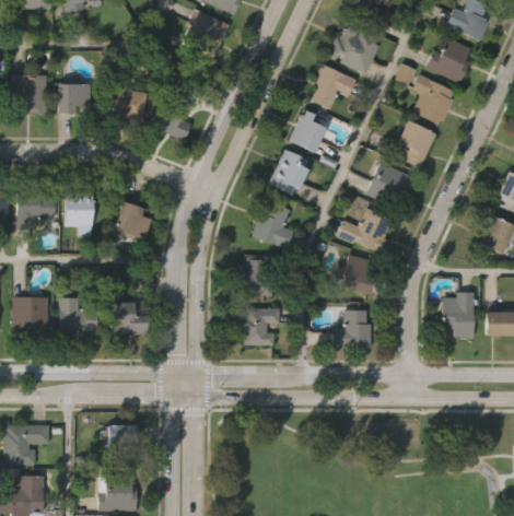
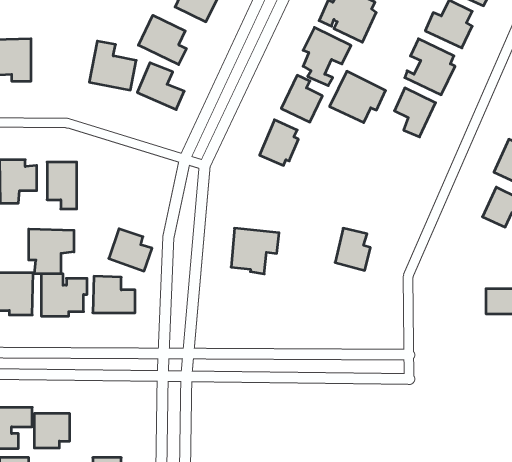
building: none -> [138,15,186,65]
building: [55,83,89,113] -> none
building: [364,160,418,209] -> [330,71,386,123]
building: [112,200,153,241] -> [109,229,152,271]
building: [248,200,290,247] -> none
building: [334,207,393,253] -> none
building: none -> [29,229,74,274]
building: [443,291,474,337] -> none
building: [236,307,280,345] -> none
building: [331,309,370,348] -> none
building: [105,423,139,456] -> [34,414,70,448]

